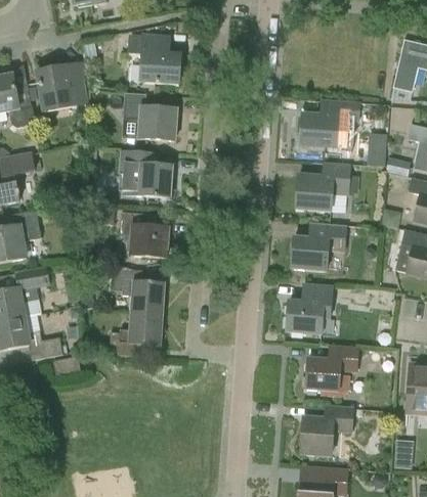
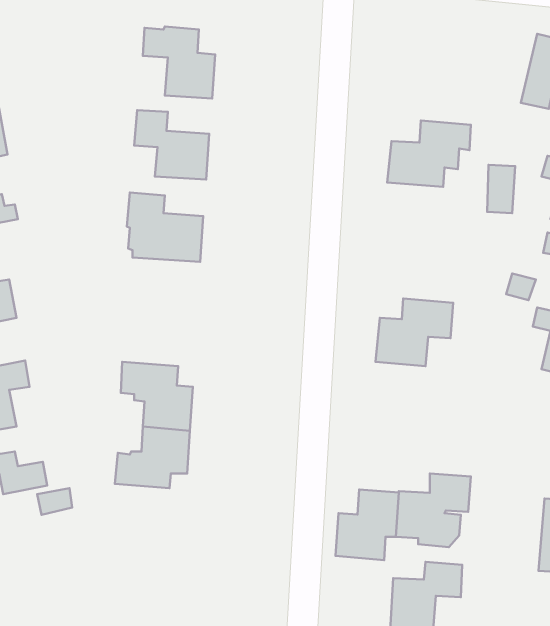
building: [38,63,86,111] -> none
building: [295,163,349,211] -> none
building: [120,211,167,257] -> none
building: [287,284,331,333] -> [336,490,399,560]

